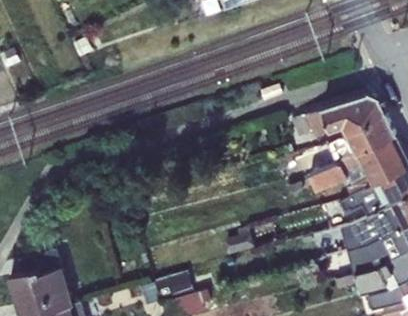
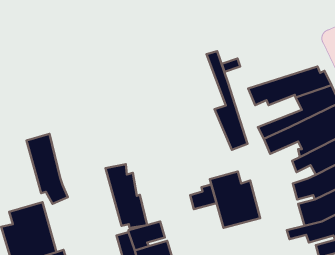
building: none -> [206,51,247,150]
building: none -> [27,134,68,204]
building: none -> [105,164,147,228]
building: none -> [210,172,260,228]

